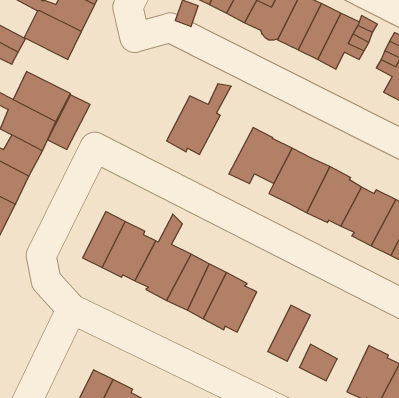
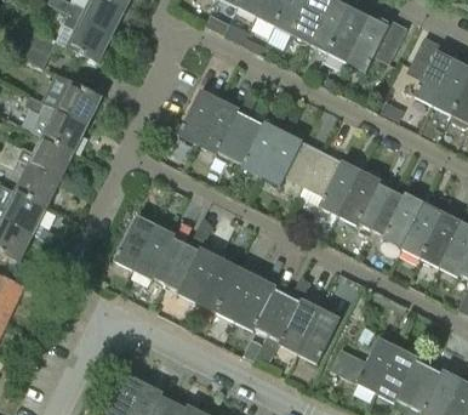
building: [47,95,90,149] -> [177,89,219,143]
building: none -> [229,118,282,176]
building: none -> [256,294,320,362]
building: none -> [355,336,398,393]

